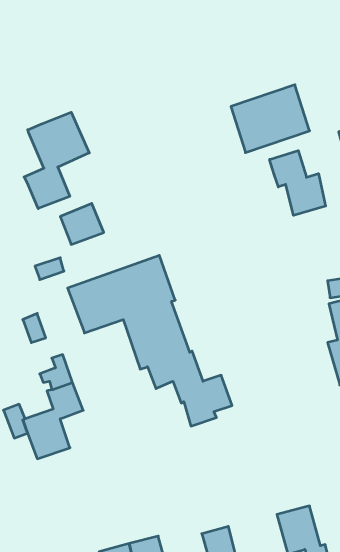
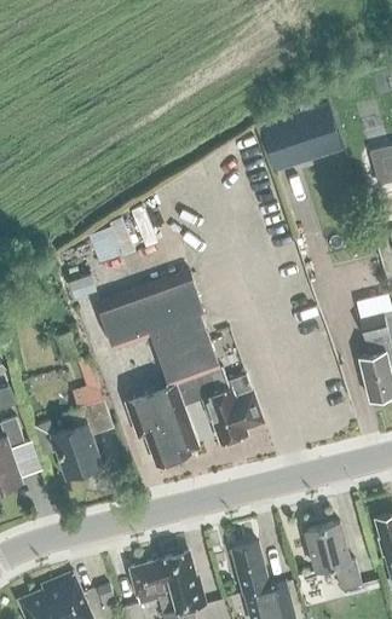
building: [24,112,89,209] -> none
building: [270,151,326,215] -> none
building: none -> [126,389,200,465]

